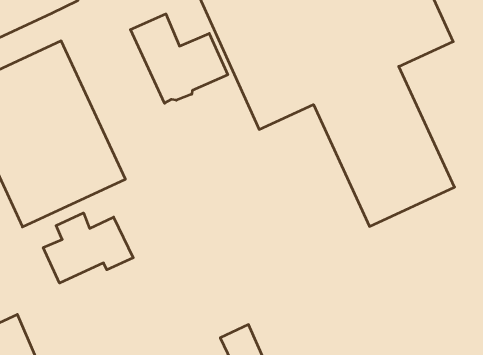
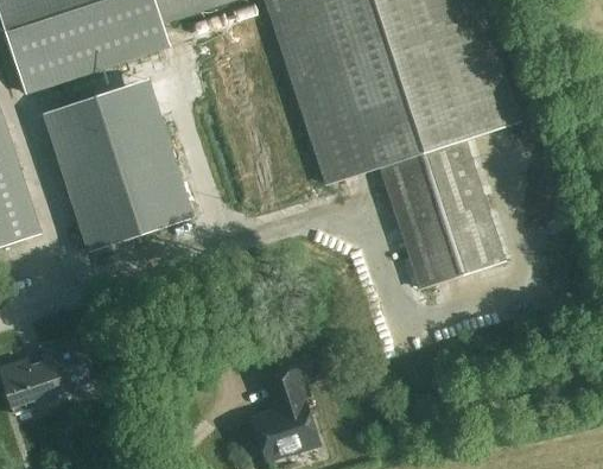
building: [130,14,228,103] -> none
building: [43,213,133,283] -> none

